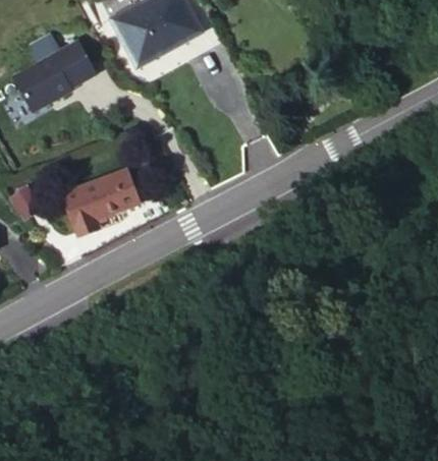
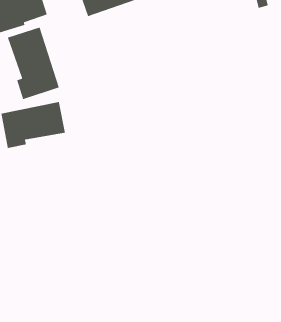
building: none -> [7,26,60,100]

